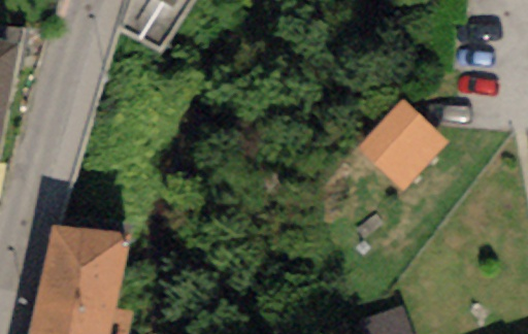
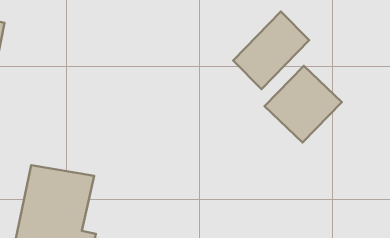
building: none -> [233,11,309,89]

